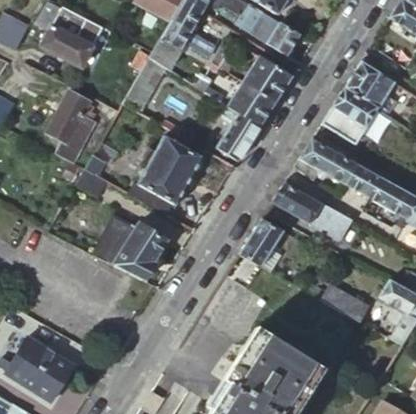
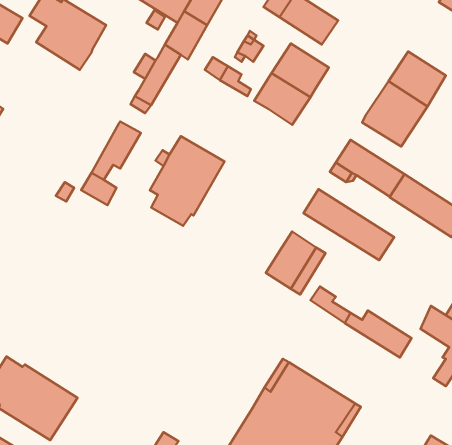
building: [43,99,90,160] -> none
building: [219,110,263,159] -> none
building: [96,213,170,278] -> none

